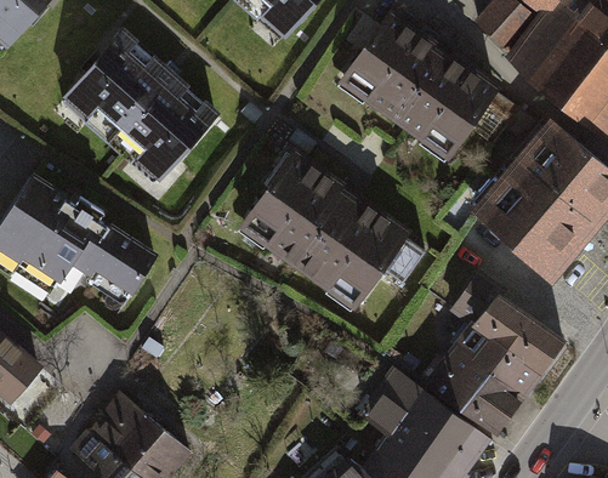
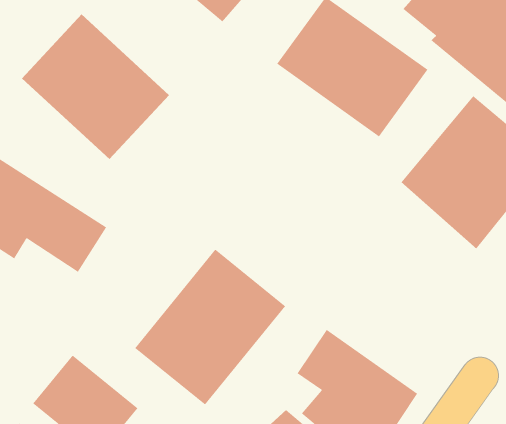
building: [238,149,425,312] -> none
building: [424,271,568,437] -> none
building: none -> [134,249,286,406]

